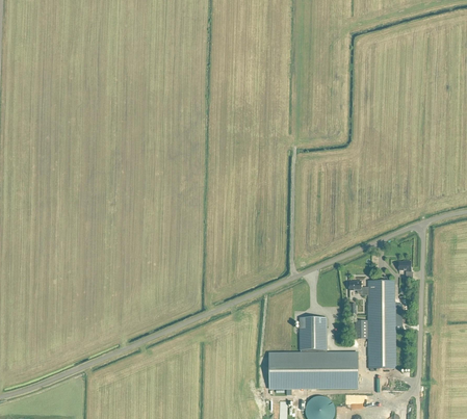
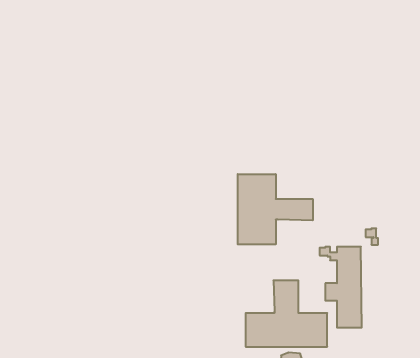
building: none -> [238,174,313,244]

